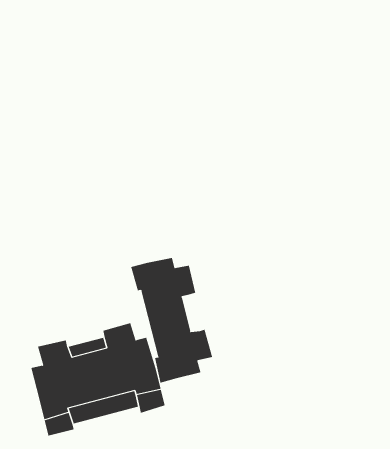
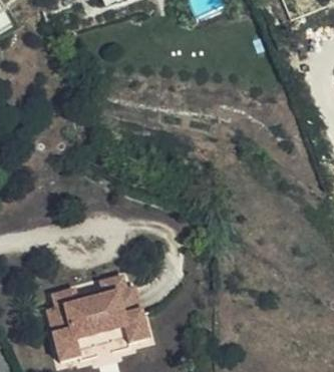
building: [130,257,213,383] -> none

